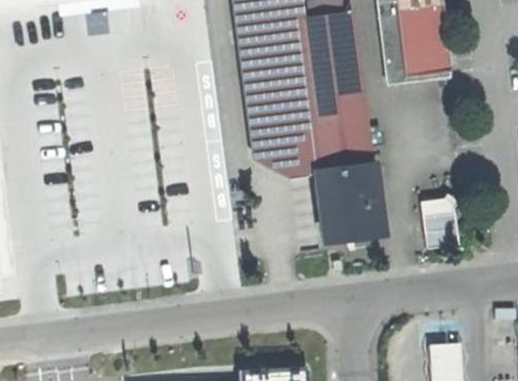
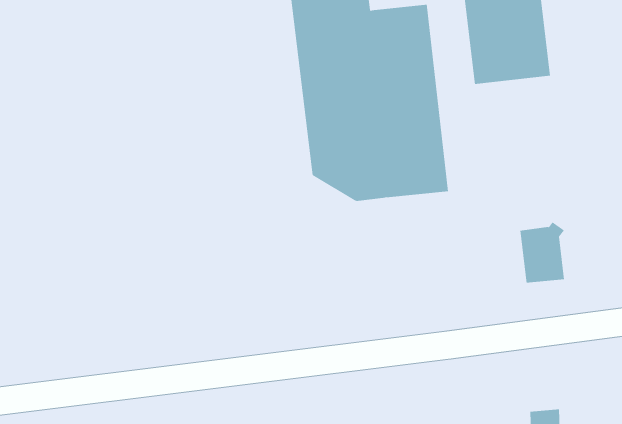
building: [315,169,380,248] -> none

